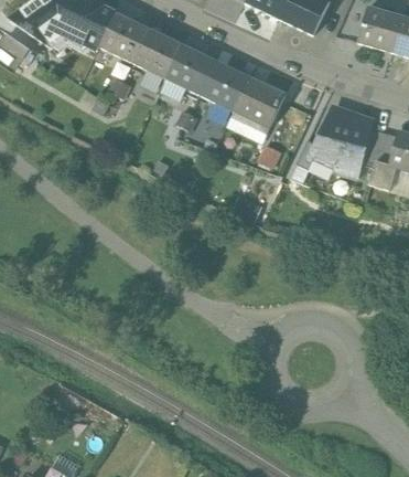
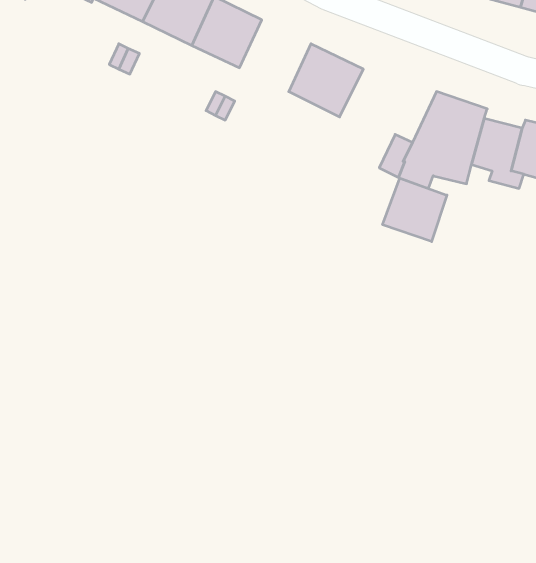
building: [200,61,249,110] -> none
building: none -> [383,178,447,242]

